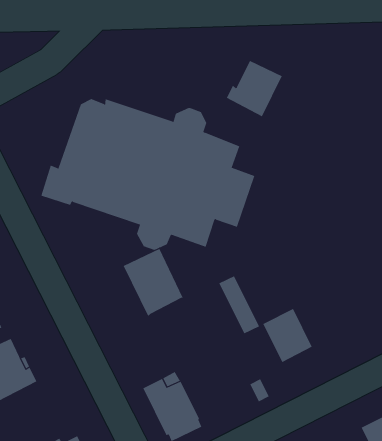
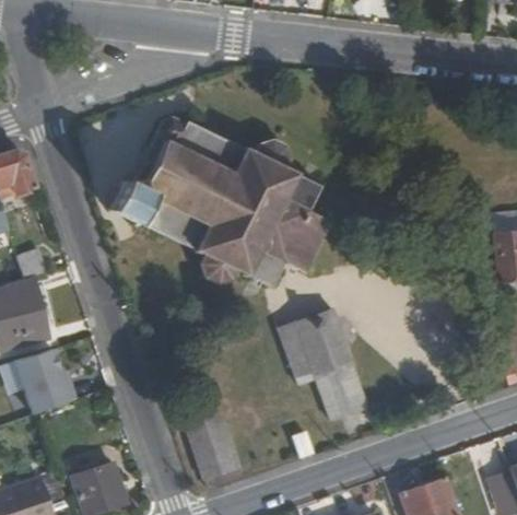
building: [226,60,283,117] -> none
building: [123,248,184,317] -> [295,306,353,375]

